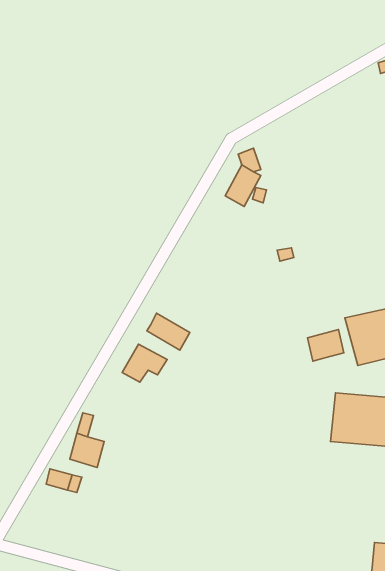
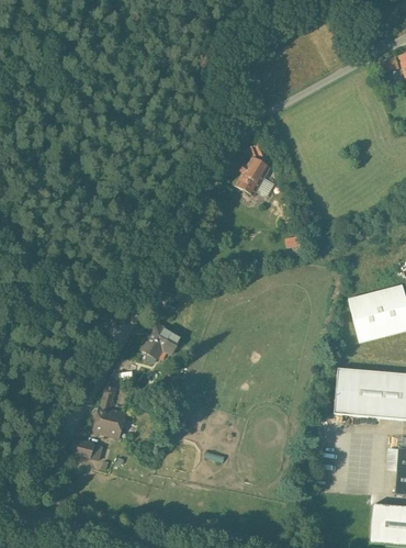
building: [147,313,190,350] -> none
building: [307,330,344,361] -> none

